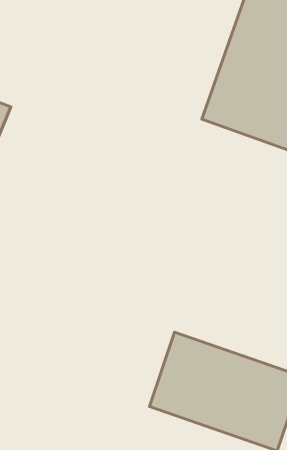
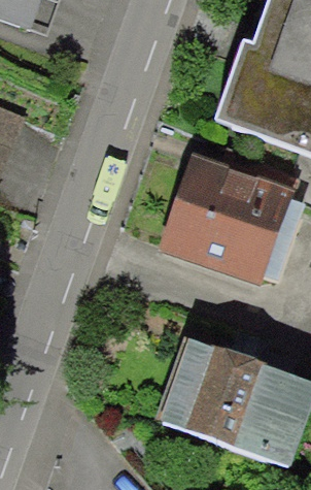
building: none -> [160,151,291,277]

